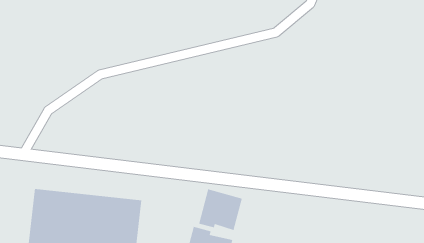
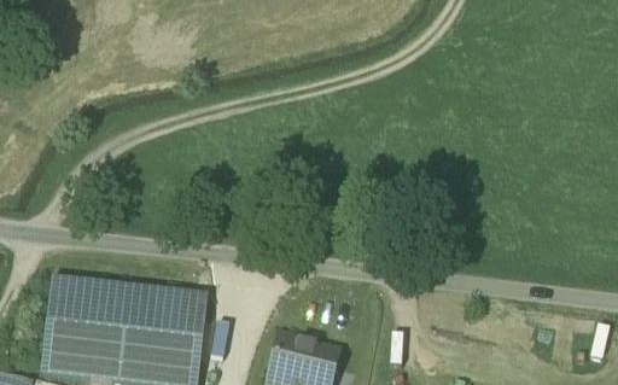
building: [198,188,242,231] -> none

